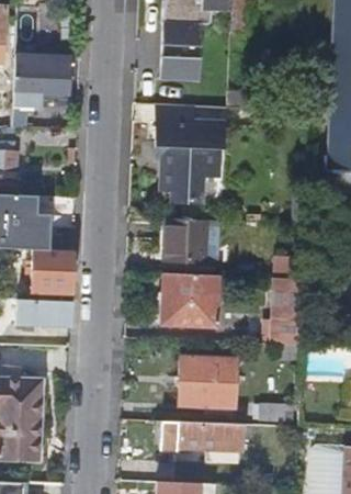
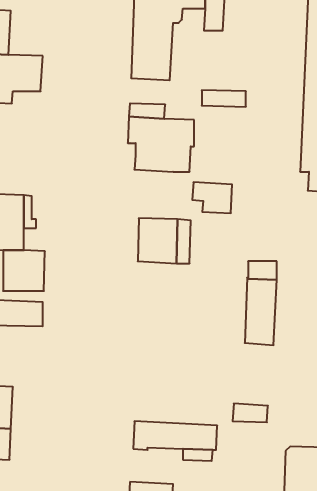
building: [161,170,201,201] -> [192,182,232,213]
building: [163,273,217,325] -> none
building: [179,358,236,406] -> none

